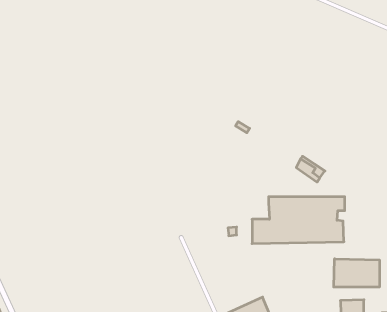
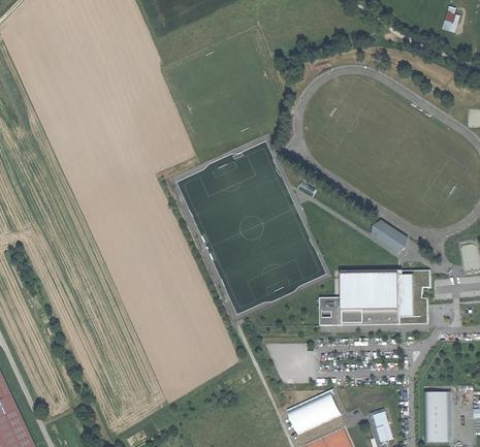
building: [334,259,379,287] -> none

